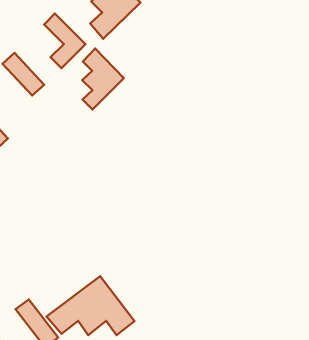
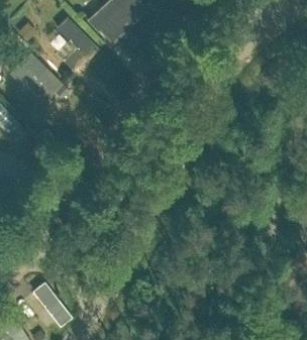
building: [82,48,124,110] -> none
building: [47,276,135,335] -> none

